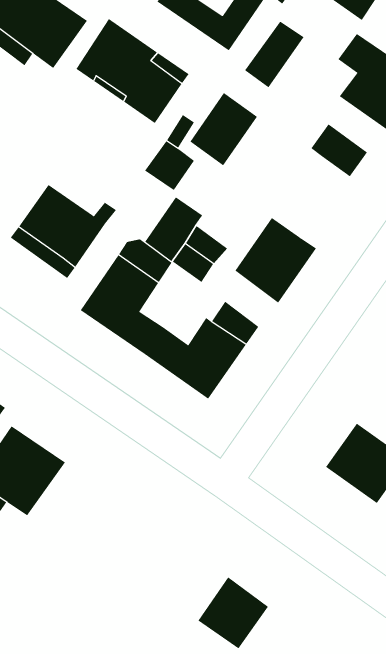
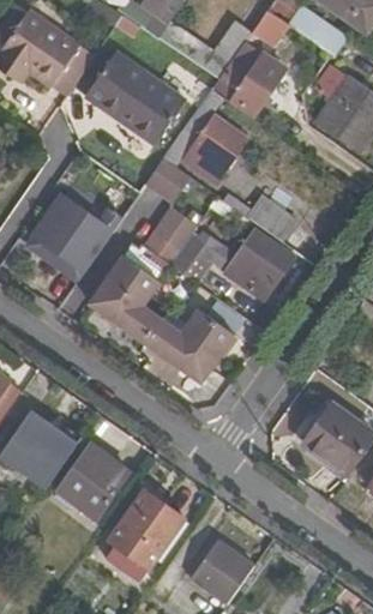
building: [310,124,368,177] -> [246,197,296,243]
building: none -> [55,443,128,518]
building: none -> [108,490,182,567]

